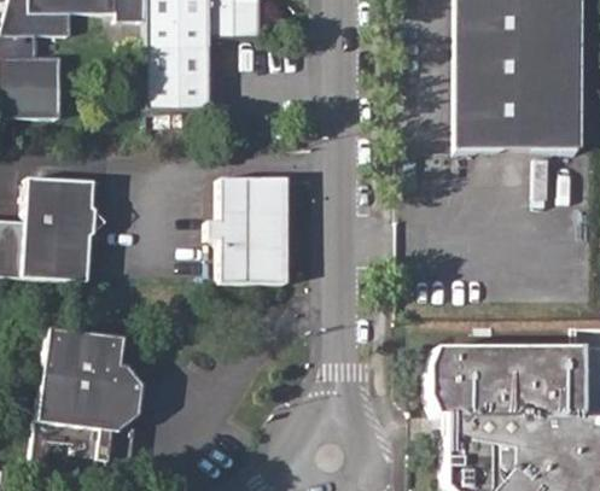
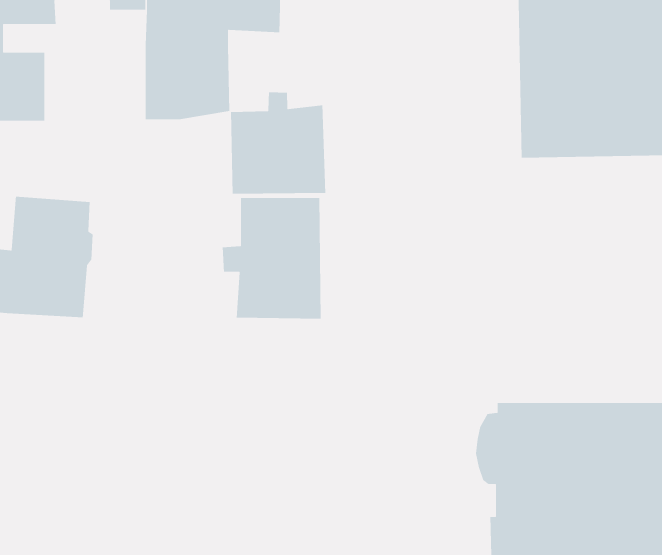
building: none -> [230,91,326,194]
building: [27,329,141,464] -> none

